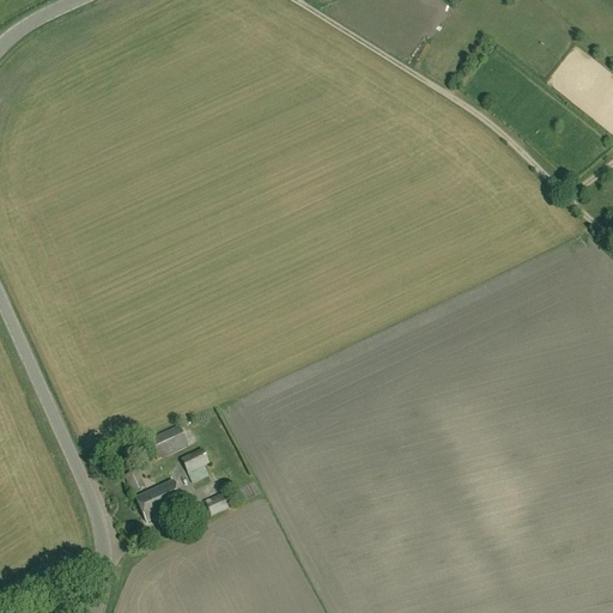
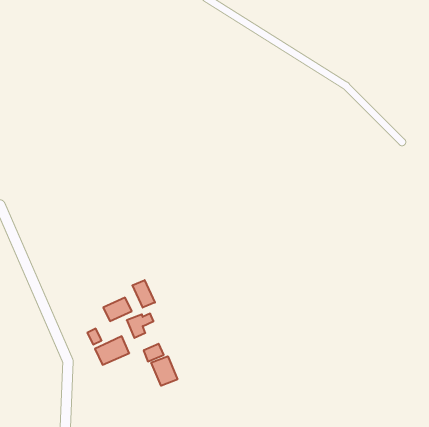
building: none -> [132,280,155,308]
building: none -> [151,356,177,386]

